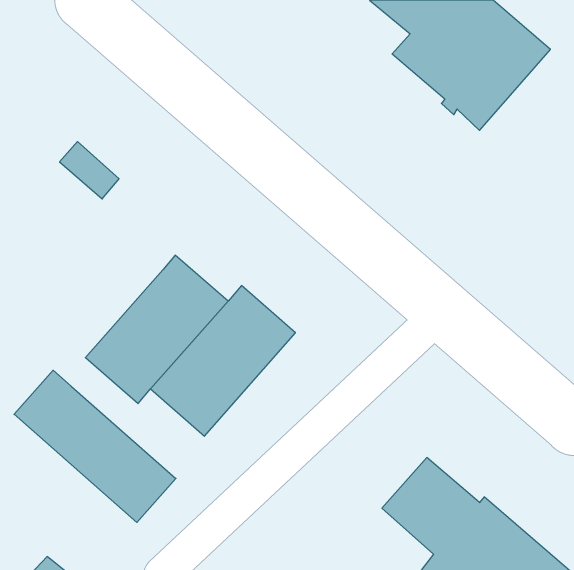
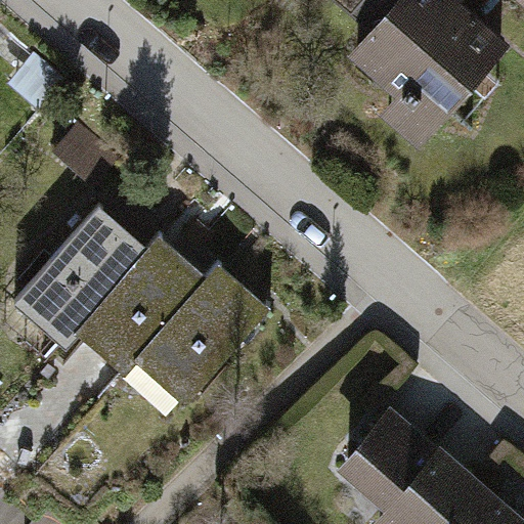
building: none -> [17,207,148,343]
building: [14,370,176,522] -> none

